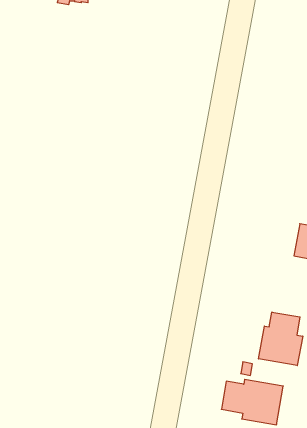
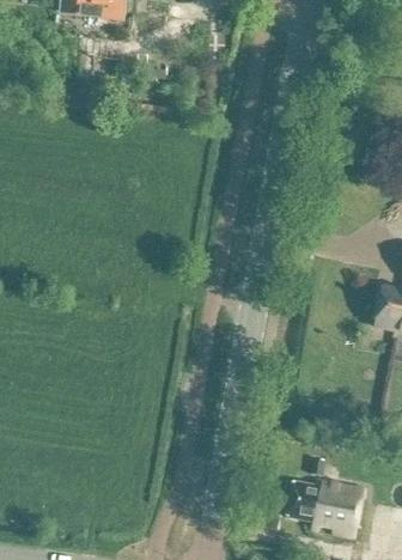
building: [259,312,303,366] -> none

